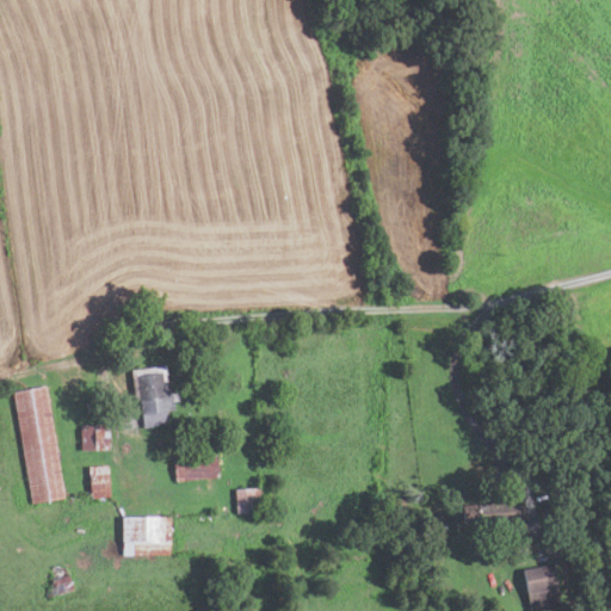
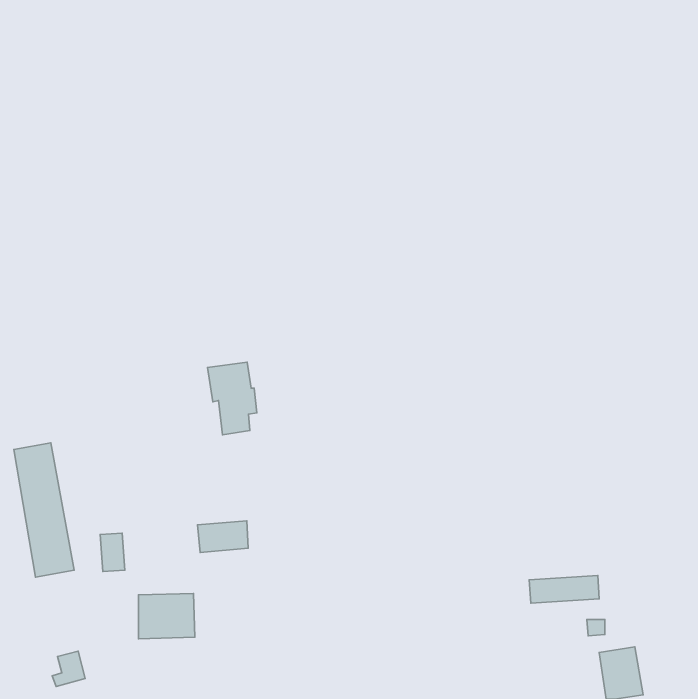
building: [131,365,174,428] -> [207,362,257,435]
building: [81,422,111,450] -> none
building: [235,487,264,513] -> none

